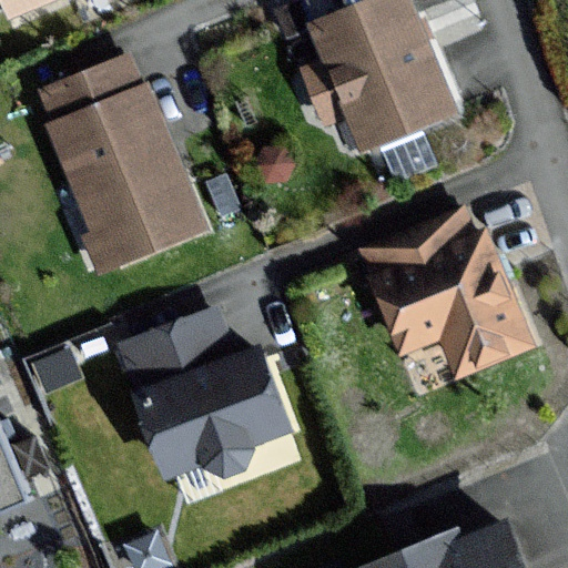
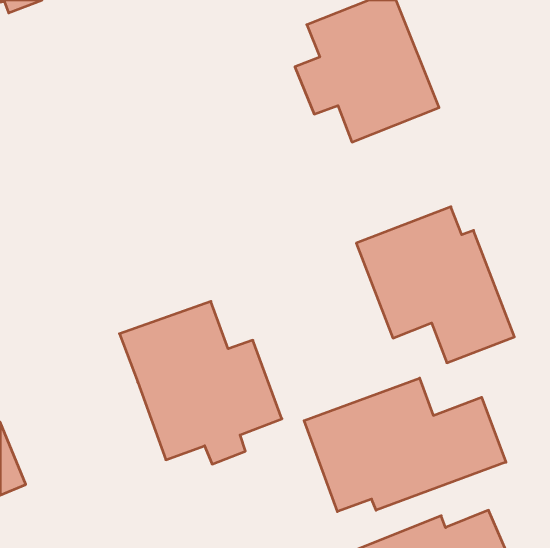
building: [47,61,205,268] -> none
building: none -> [304,378,506,512]

